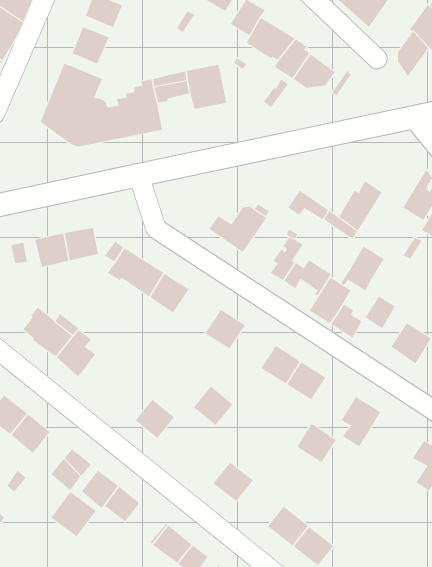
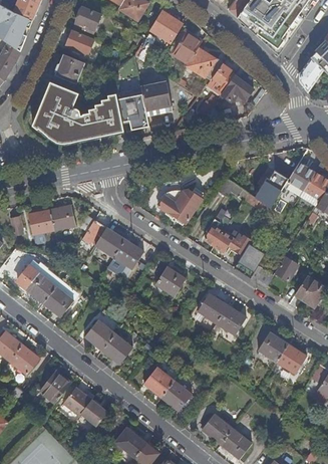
building: none -> [127,103,148,128]
building: [340,246,384,291] -> [281,161,314,195]
building: none -> [84,318,115,349]
building: [193,386,233,426] -> [143,366,174,396]
building: [296,423,337,463] -> [276,342,306,373]
building: [51,491,97,537] -> none

